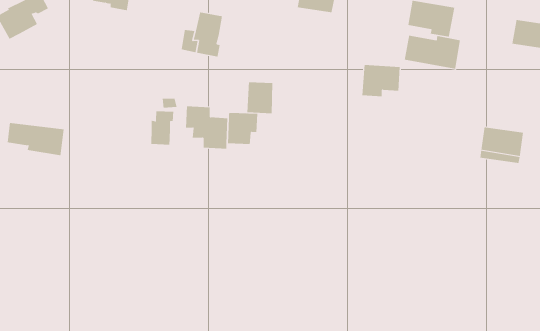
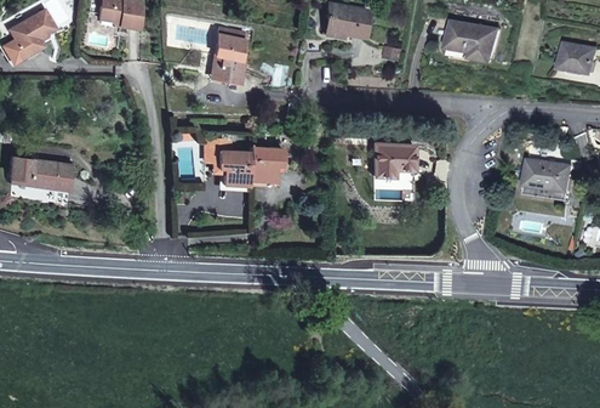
building: [404,35,460,69] -> none
building: [362,65,400,97] -> [373,142,416,177]
building: [247,82,273,114] -> none
building: [151,111,174,145] -> none

